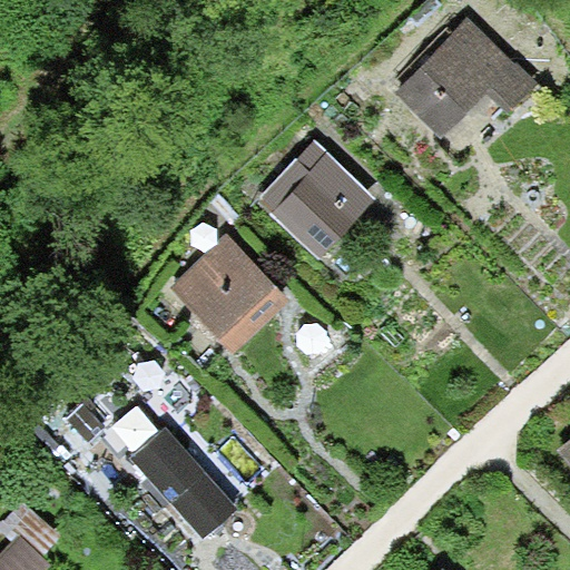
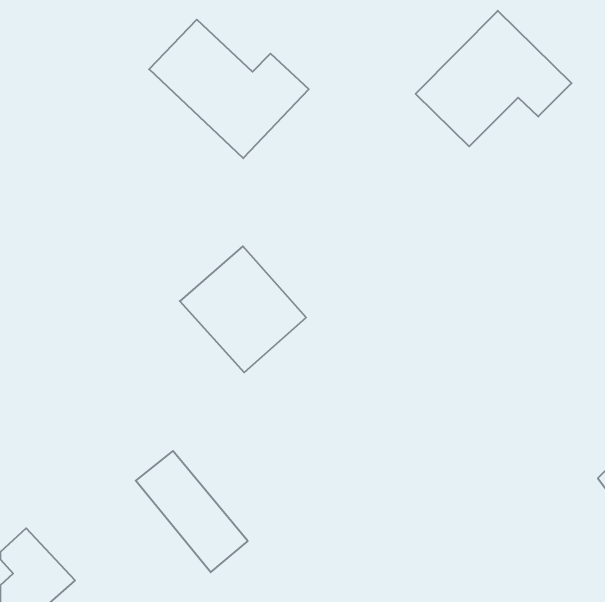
building: none -> [149,20,309,158]
building: [255,138,373,256] -> none

